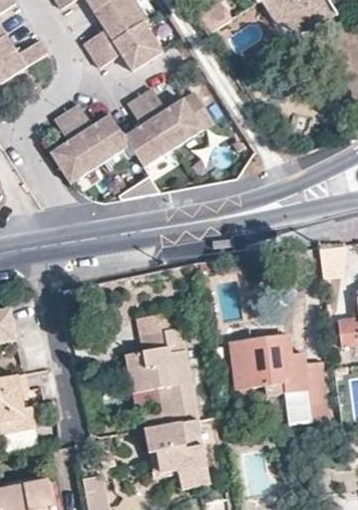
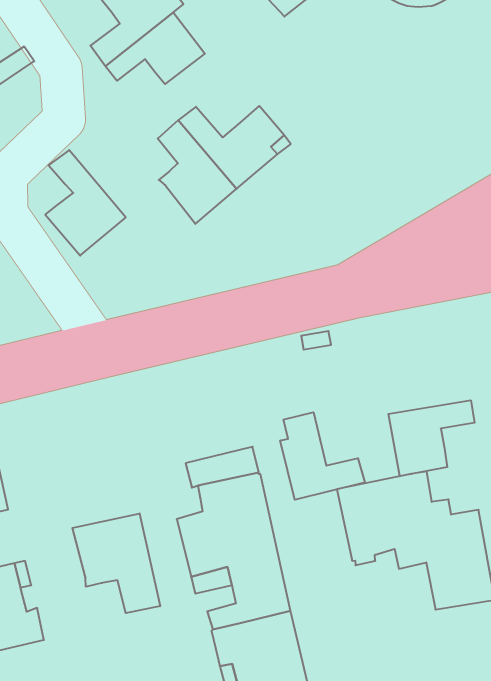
building: [68,102,129,156] -> none
building: none -> [388,400,475,476]
building: none -> [280,412,365,500]
building: none -> [72,513,160,613]

